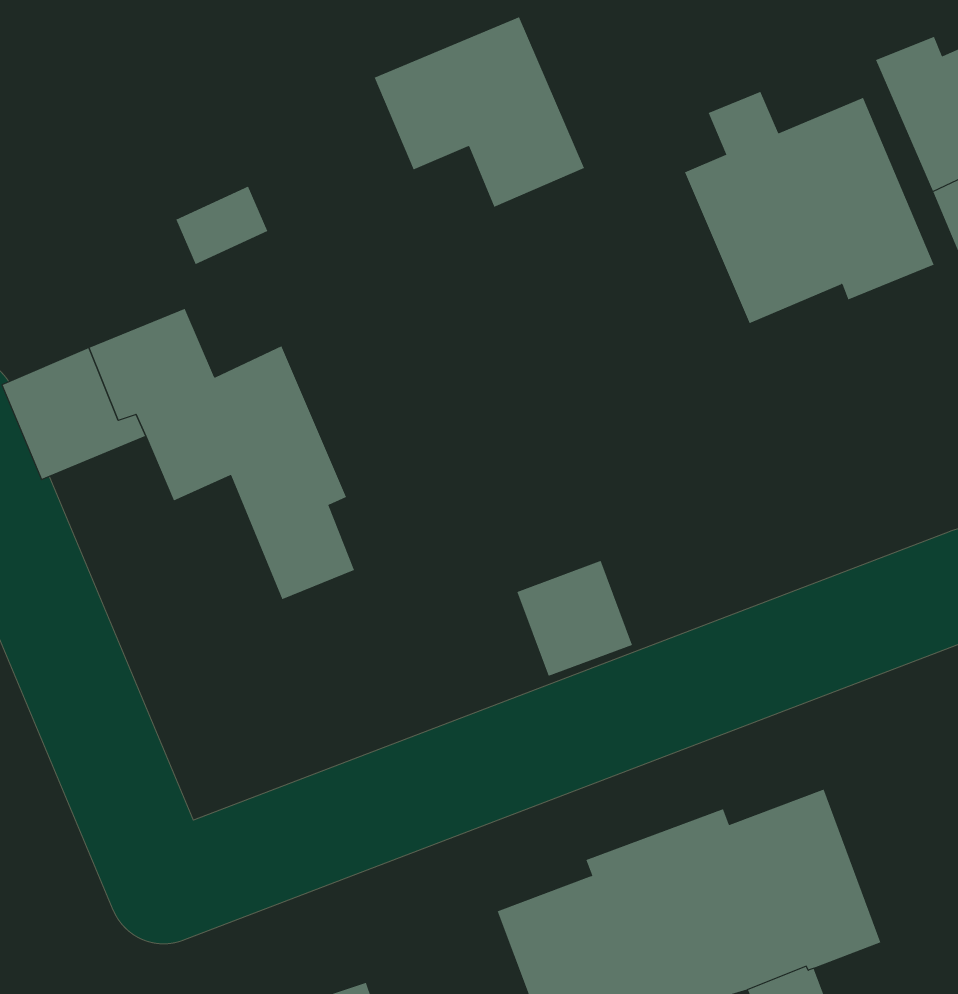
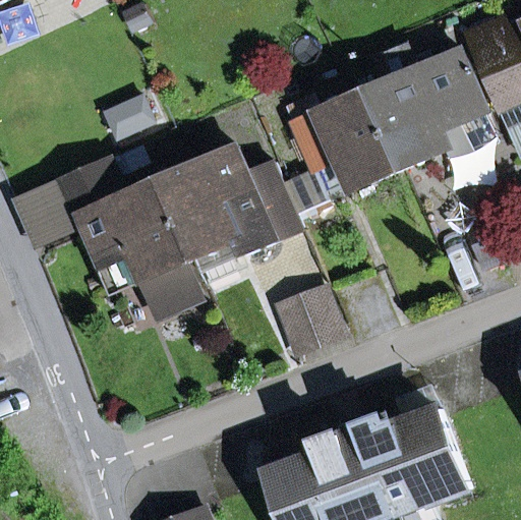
building: [374,16,585,208] -> [290,91,399,189]
building: none -> [158,148,302,258]

